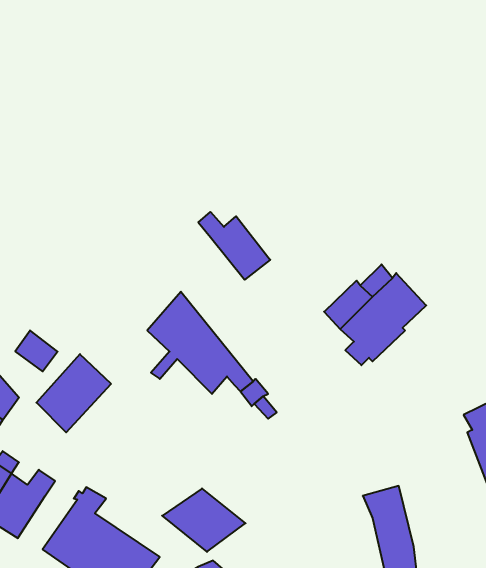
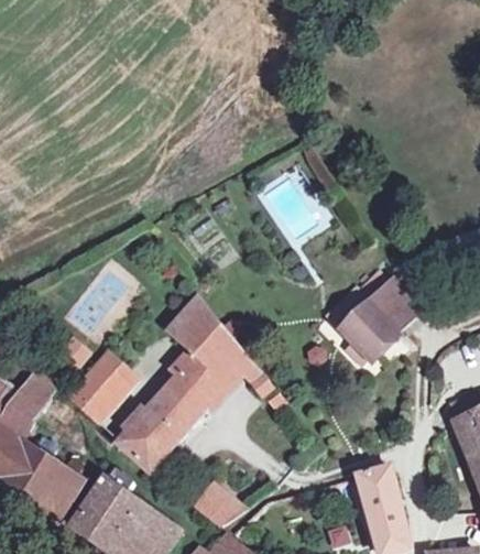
building: [198,212,270,280] -> none
building: none -> [117,357,226,474]

